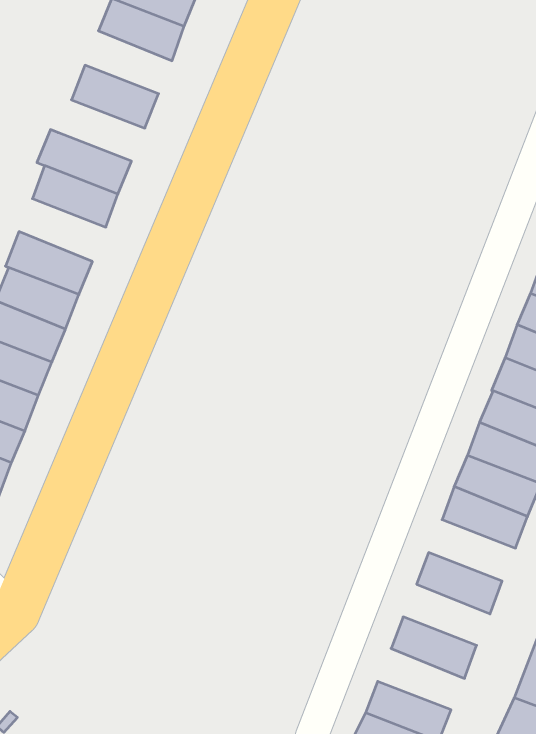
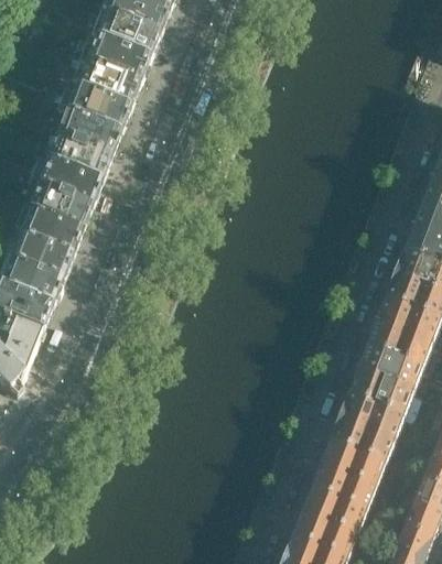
building: none -> [88,32,152,78]
building: none -> [68,83,132,128]
building: none -> [40,155,104,202]
building: none -> [341,391,405,436]
building: none -> [322,438,386,484]
building: none -> [303,486,367,531]

